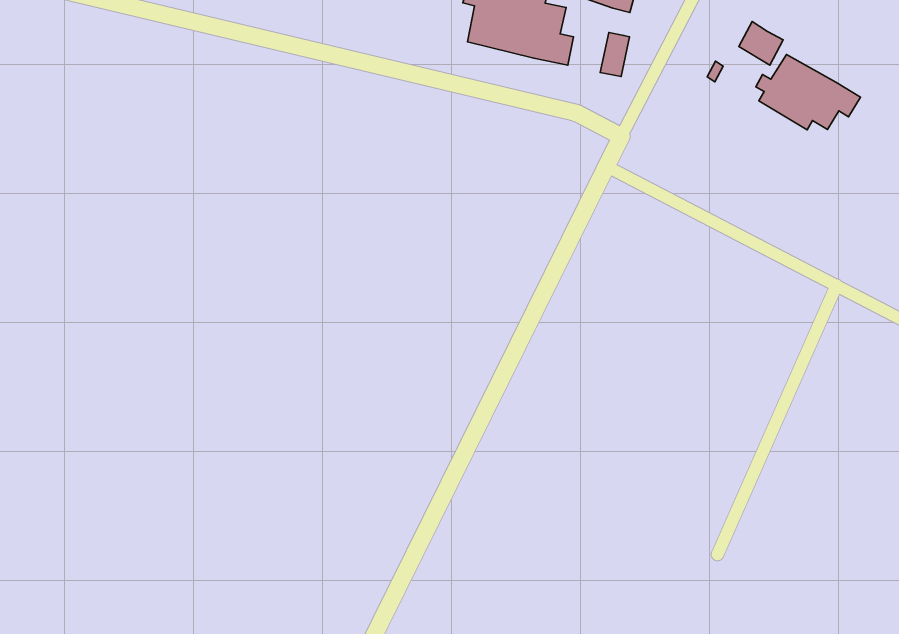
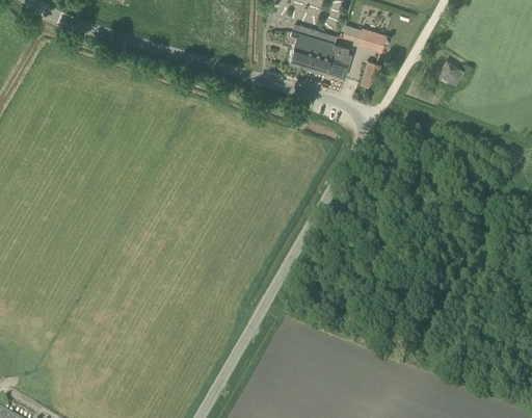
building: [756,54,861,130] -> none

